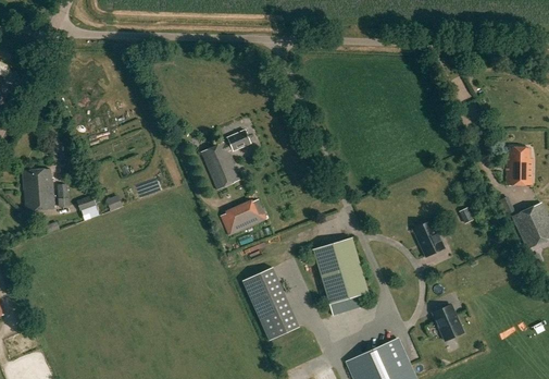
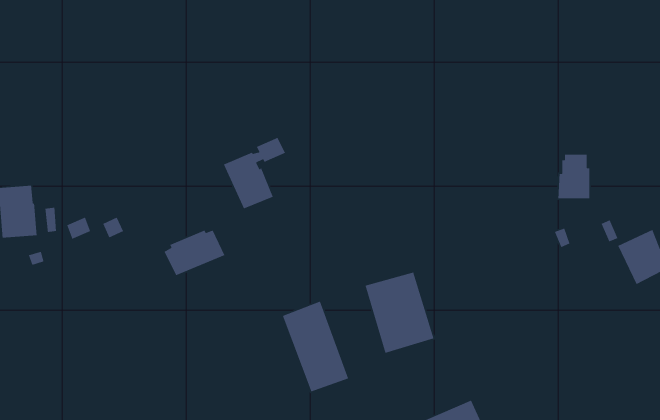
building: [506,149,532,185] -> [557,154,590,199]
building: [217,197,266,234] -> [164,229,225,276]
building: [413,220,444,256] -> none
building: [433,304,463,340] -> none

